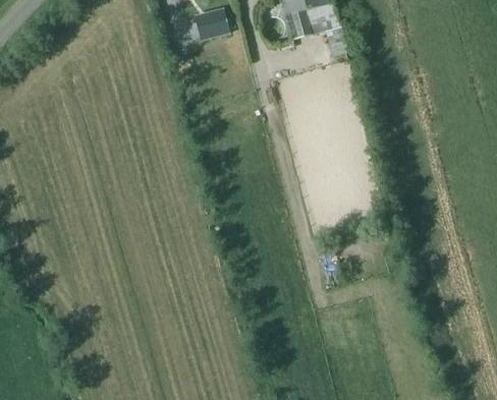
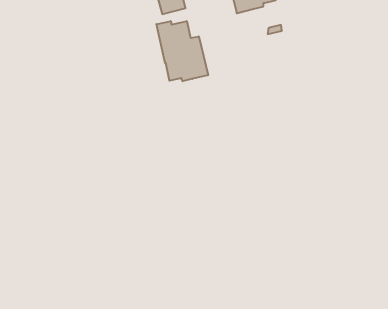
building: none -> [156,21,208,81]

